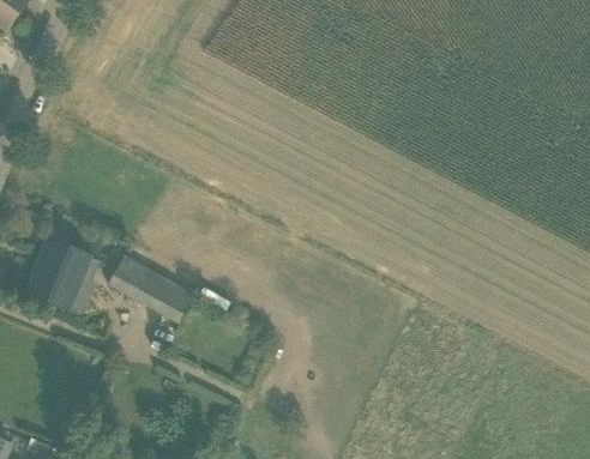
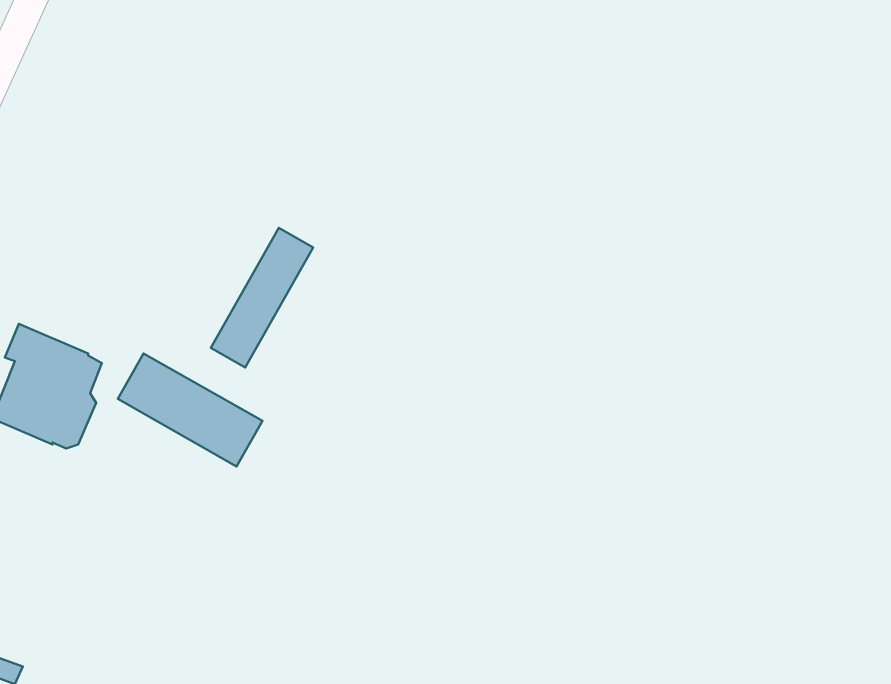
building: none -> [211,228,313,367]

